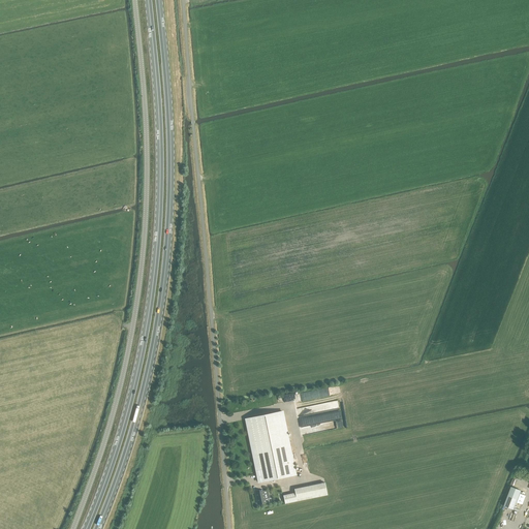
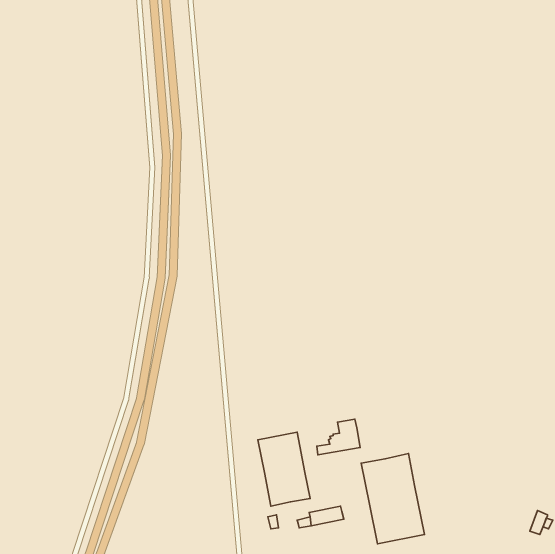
building: none -> [361,454,425,544]

